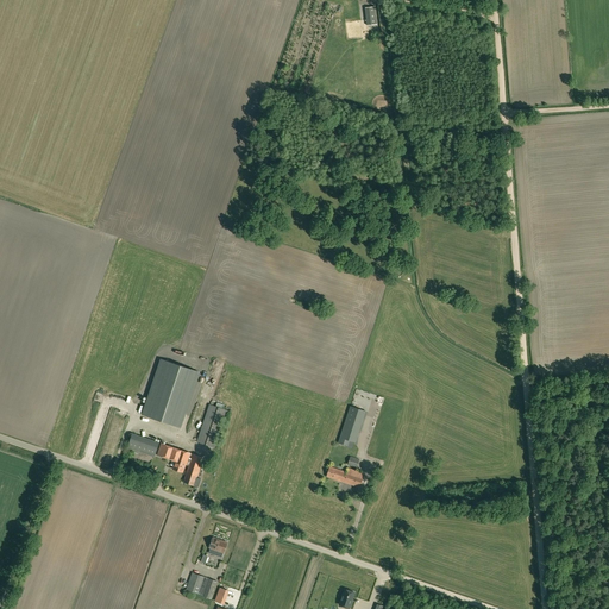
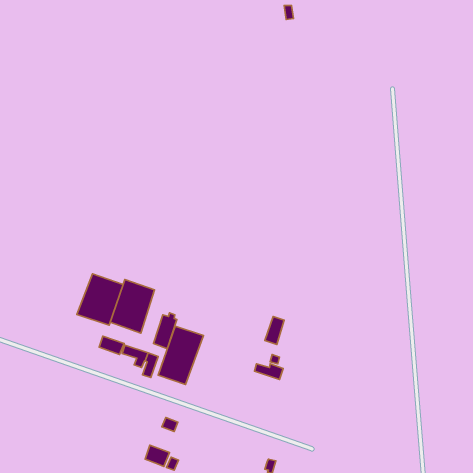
building: none -> [77,274,123,325]
building: none -> [158,326,204,385]

